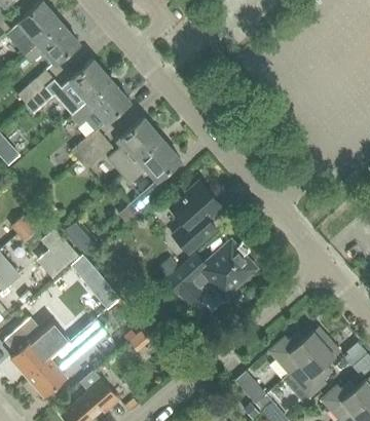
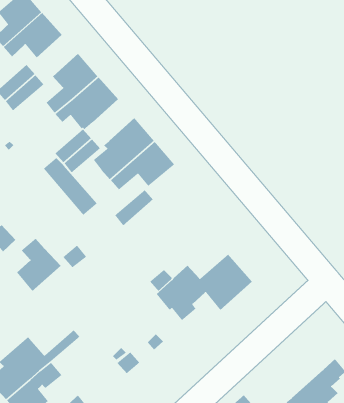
building: [169,181,221,253] -> none
building: [71,256,121,309] -> [43,157,98,216]
building: [69,318,107,354] -> none
building: [268,327,328,374] -> none

